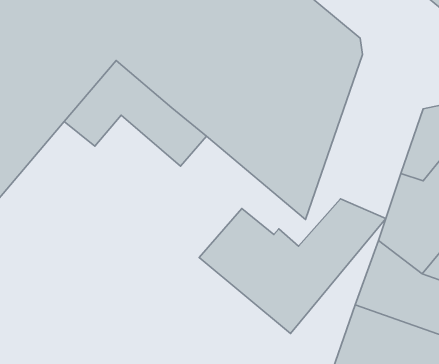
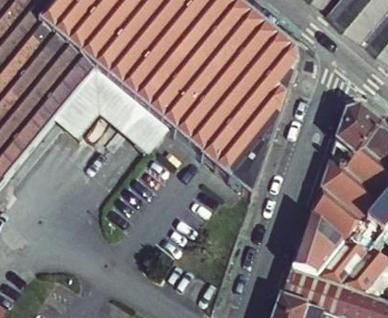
building: [199,199,386,334] -> none

